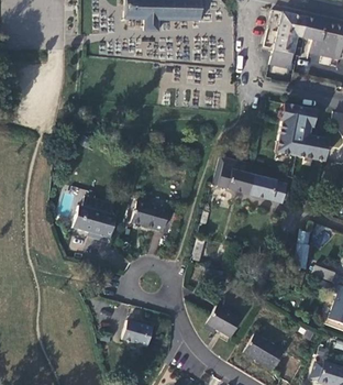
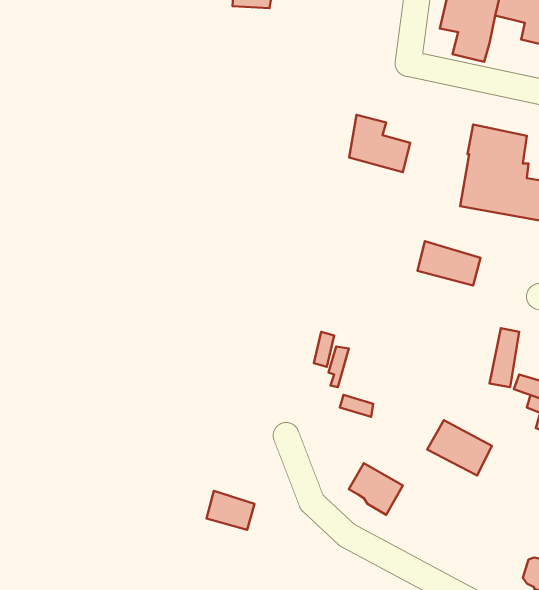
building: [218,160,254,194] -> [349,115,410,172]
building: [71,195,113,241] -> none
building: [131,202,167,230] -> none
building: [244,337,283,370] -> [427,420,492,476]

